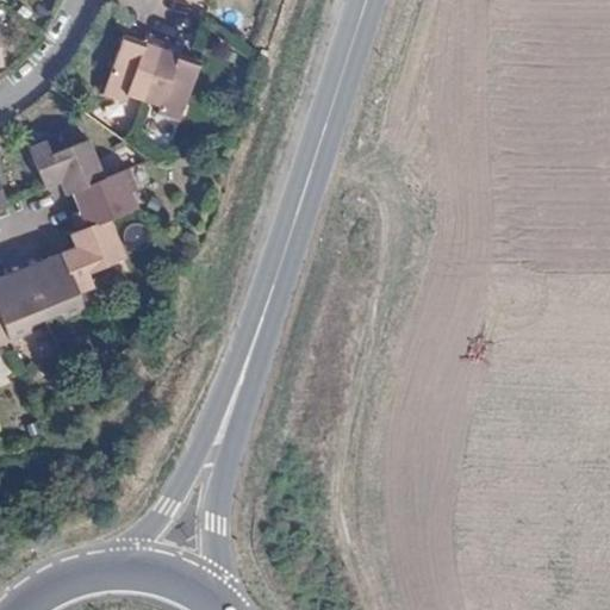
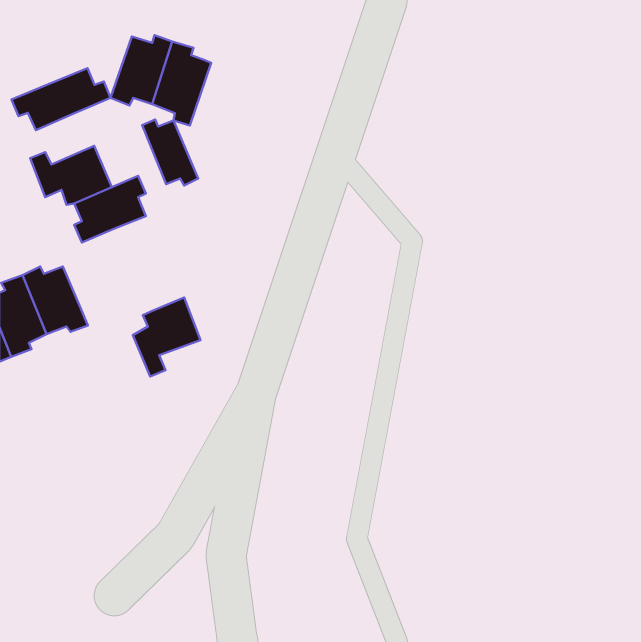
building: none -> [12,68,111,130]
building: none -> [142,119,198,186]
building: [60,217,124,292] -> [133,297,201,377]

